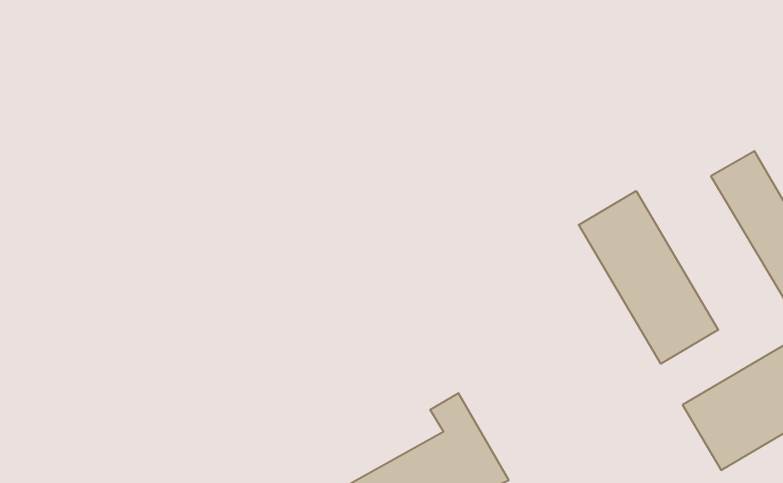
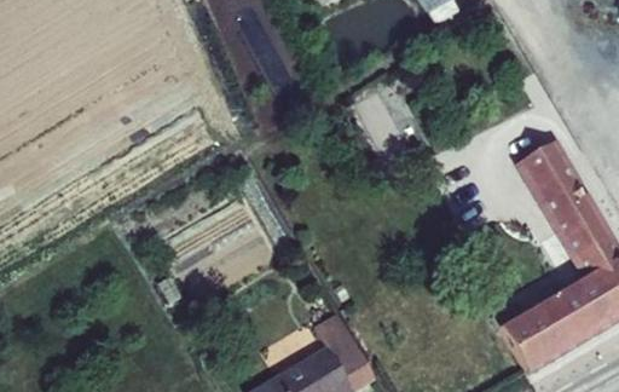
building: [579,191,718,364] -> none

